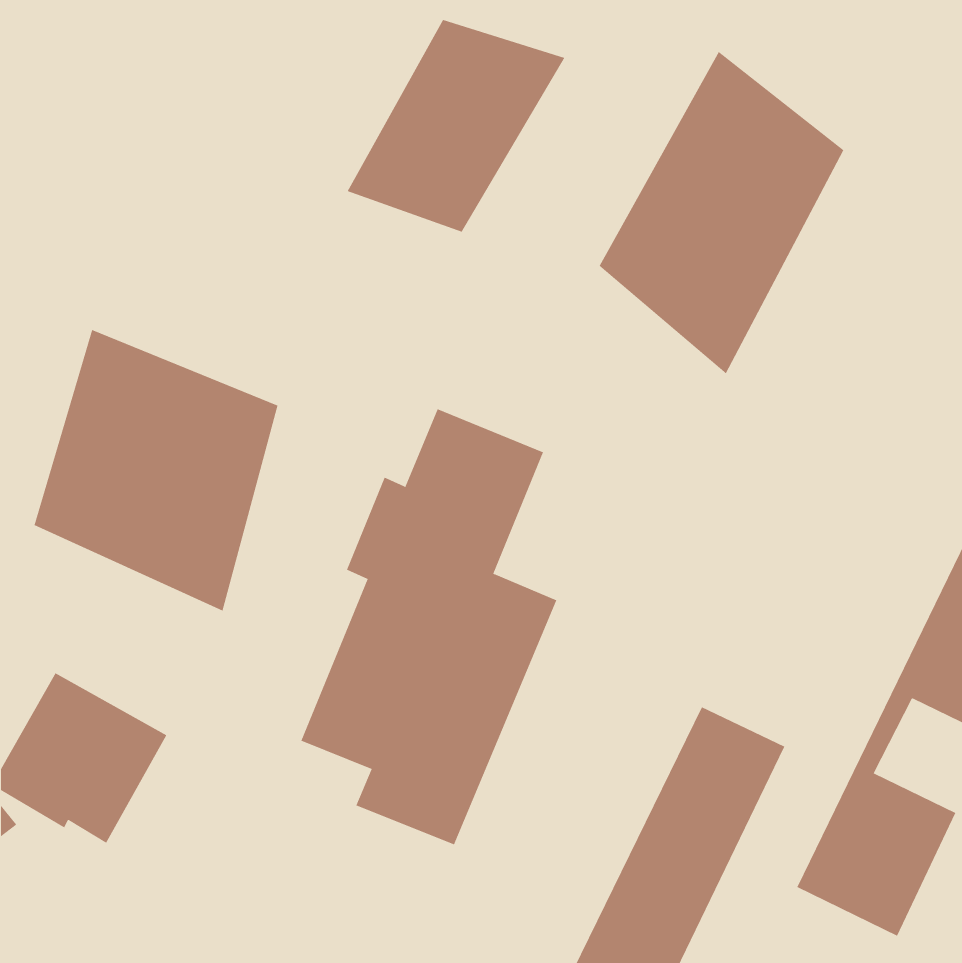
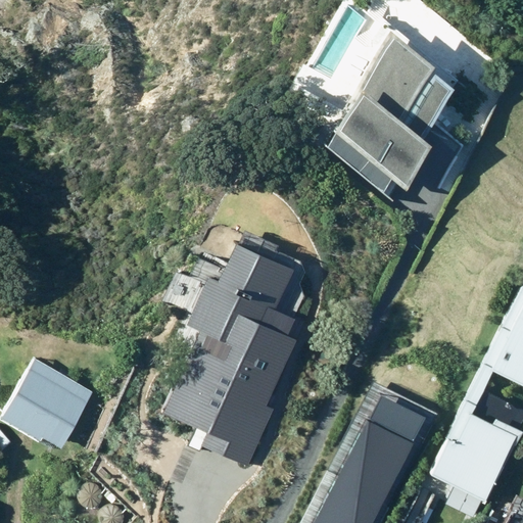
building: [347,19,565,232] -> none
building: [34,329,278,611] -> none

